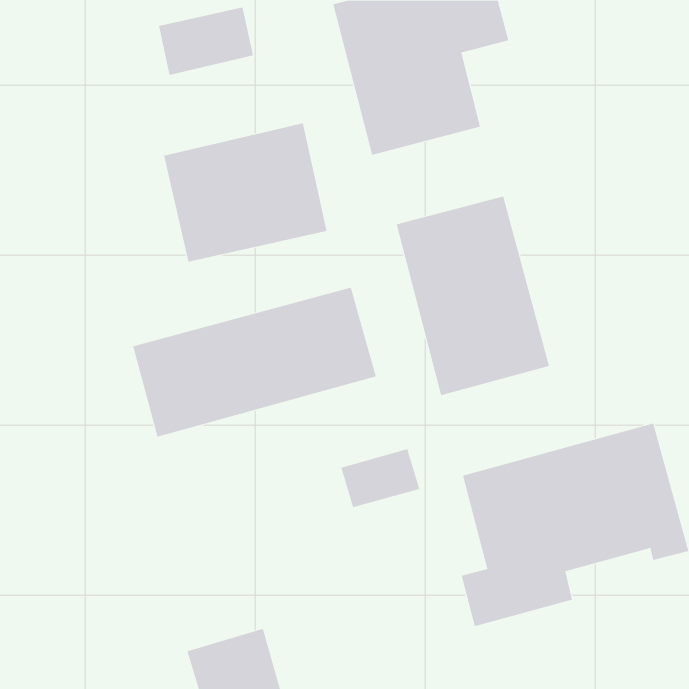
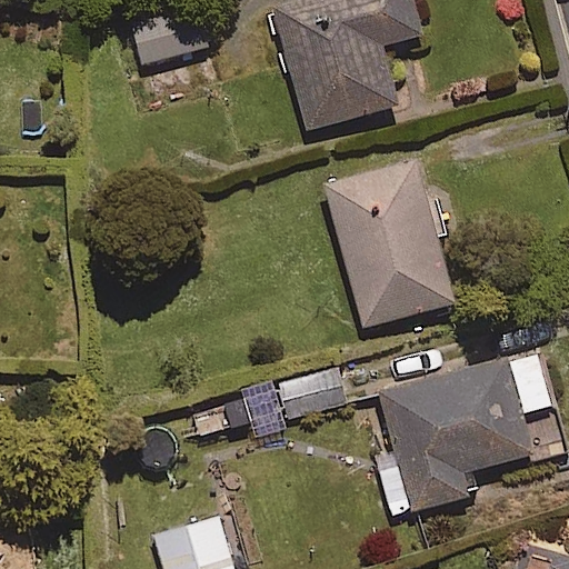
building: [164,122,327,262] -> none
building: [133,287,377,437] -> none

